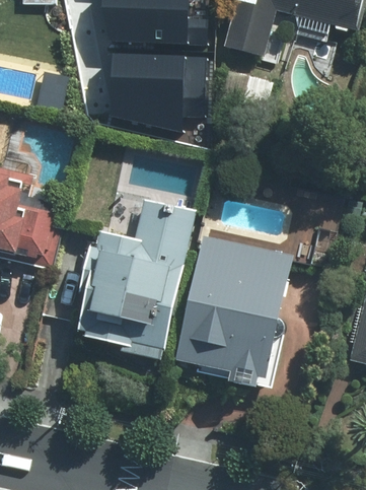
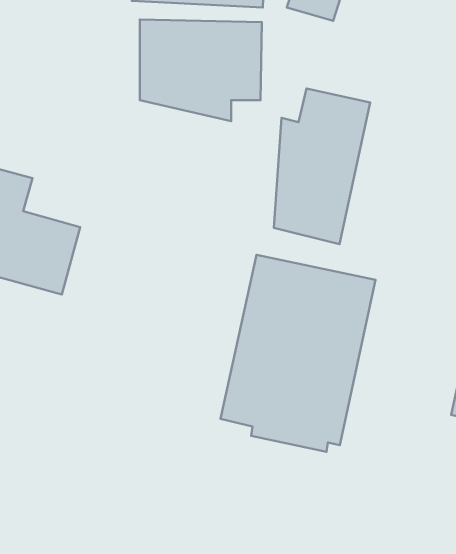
building: none -> [274,88,370,244]
building: [77,199,195,351] -> none

